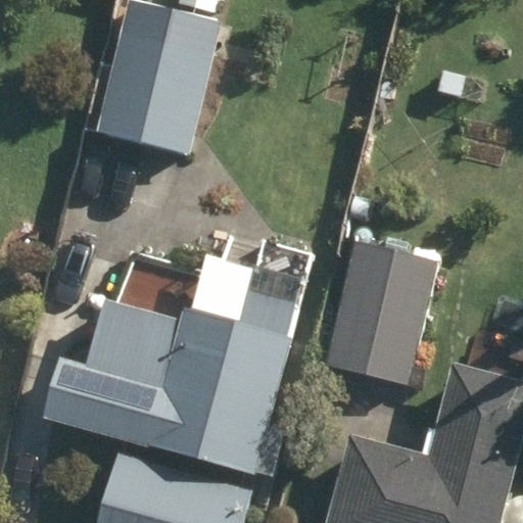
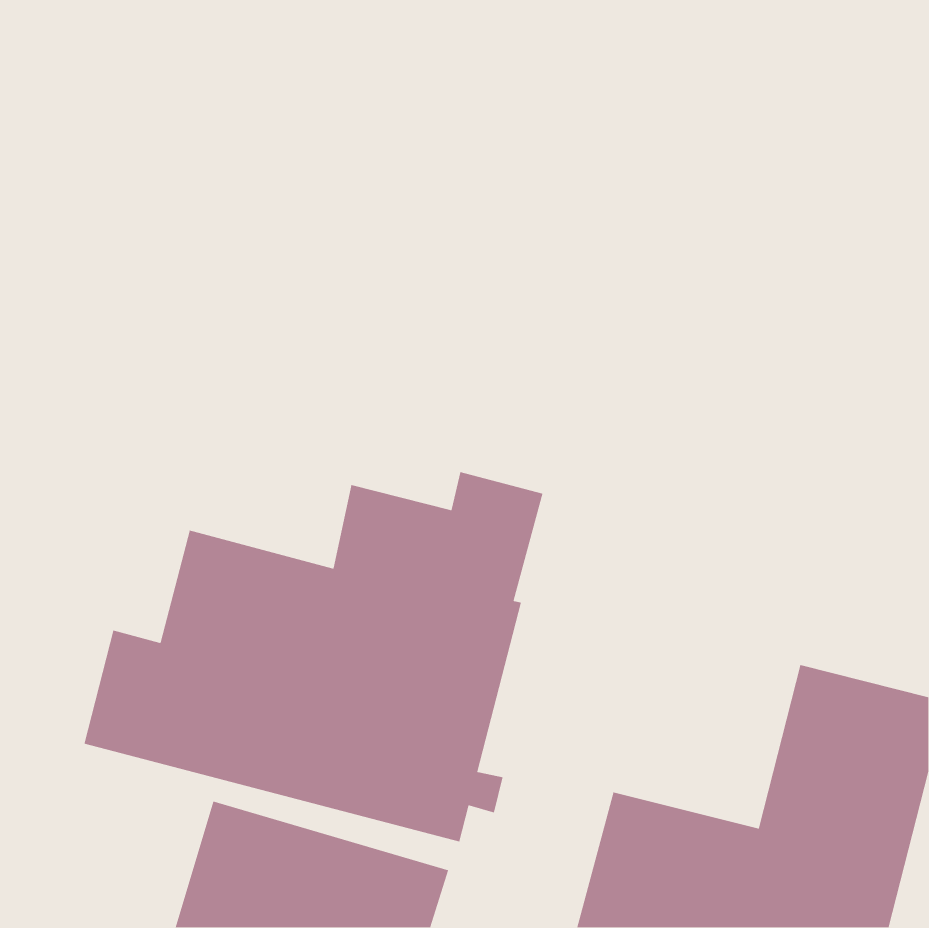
building: [98,44,208,162] -> none
building: [322,250,433,392] -> none

